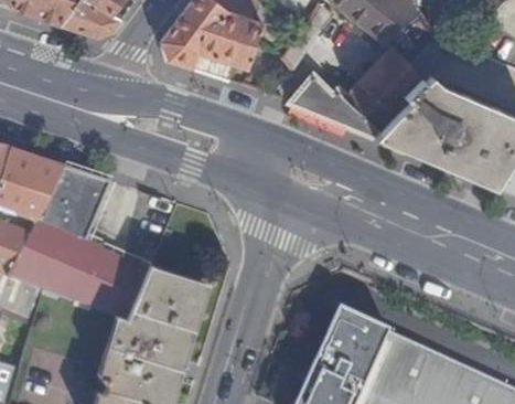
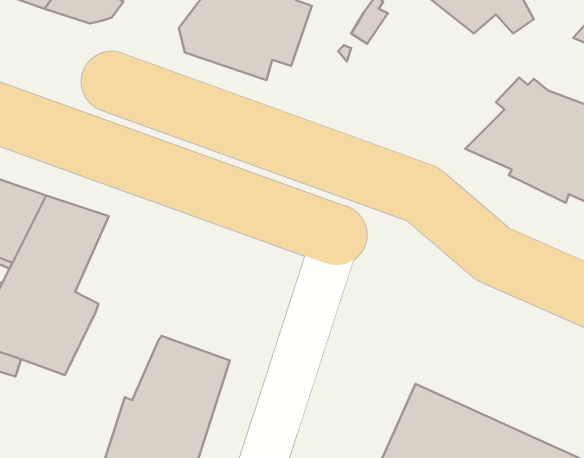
building: [288,36,451,137] -> none
building: [75,254,146,320] -> none

